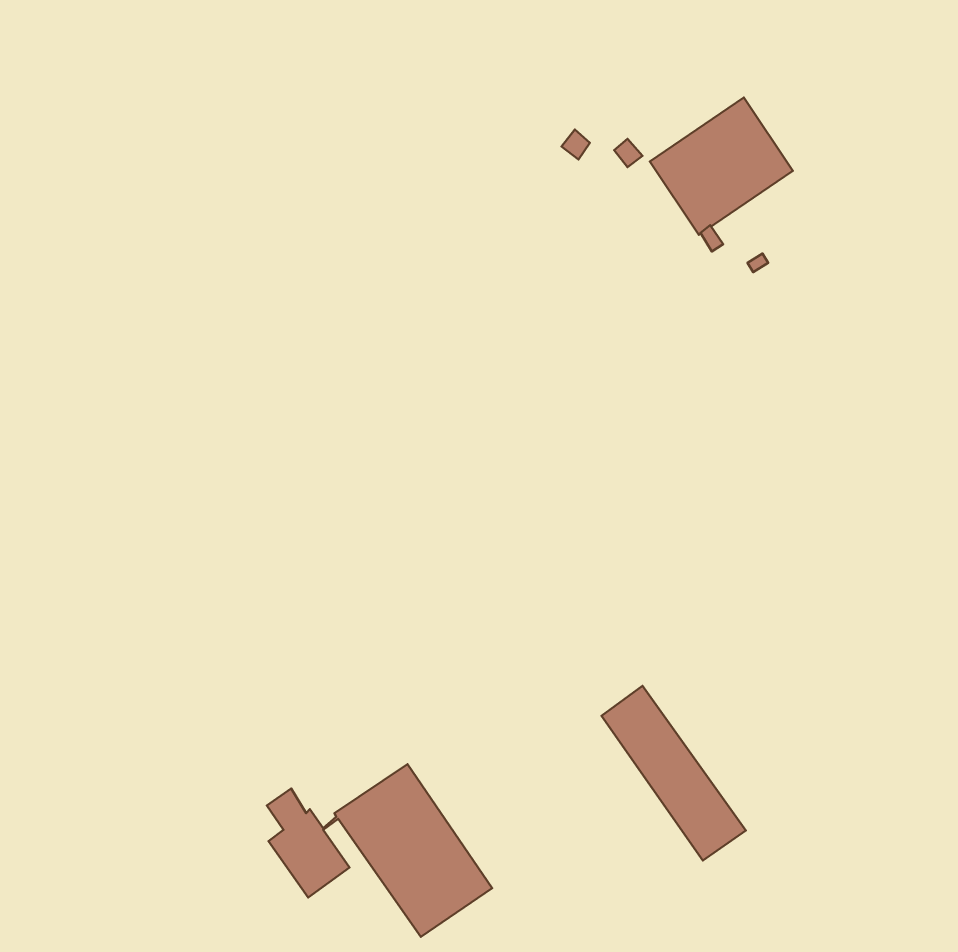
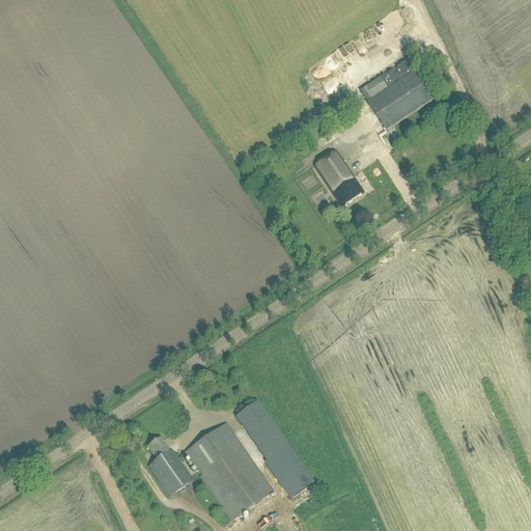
building: none -> [312,151,364,208]
building: [601,686,746,861] -> [235,399,315,496]

